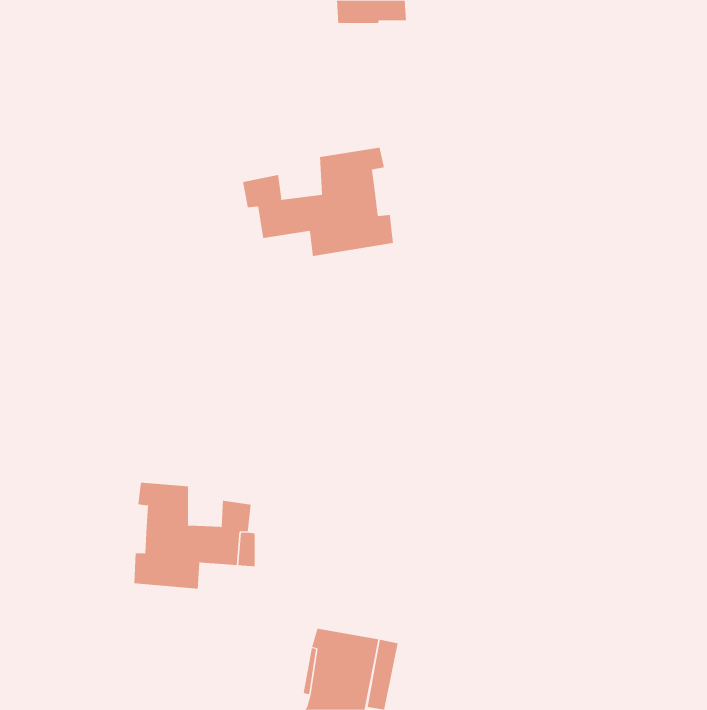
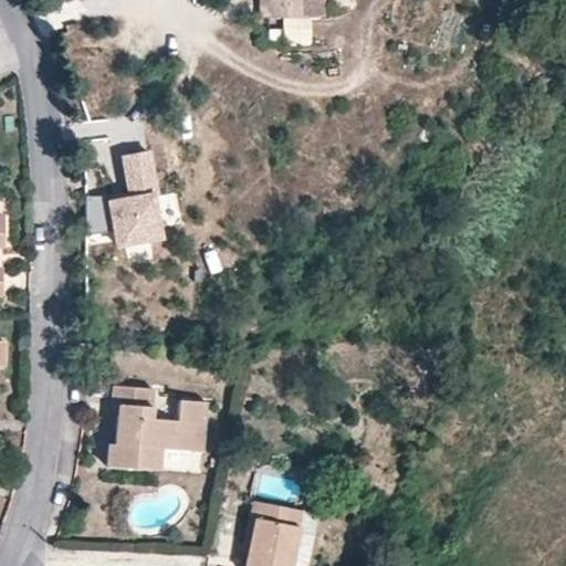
building: [242,147,394,257] -> none
building: none -> [90,150,165,253]

